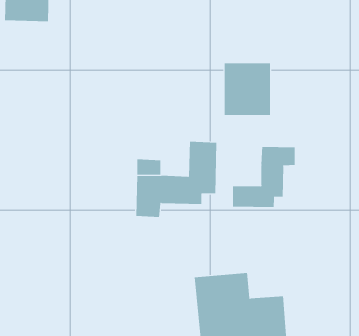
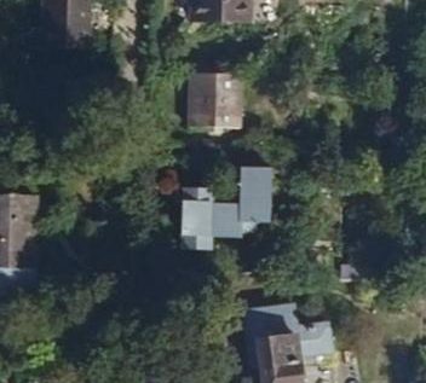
building: [224,63,271,115] -> [188,71,236,126]
building: [232,146,295,208] -> none

